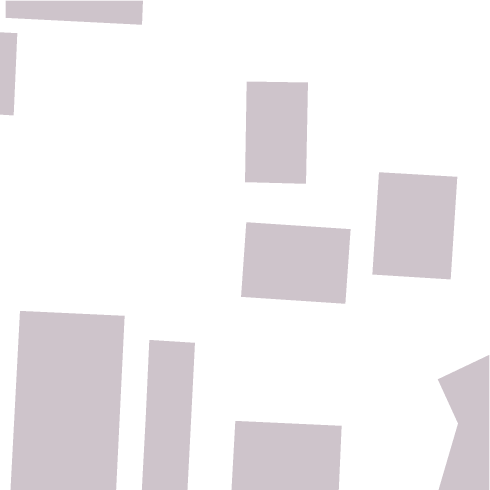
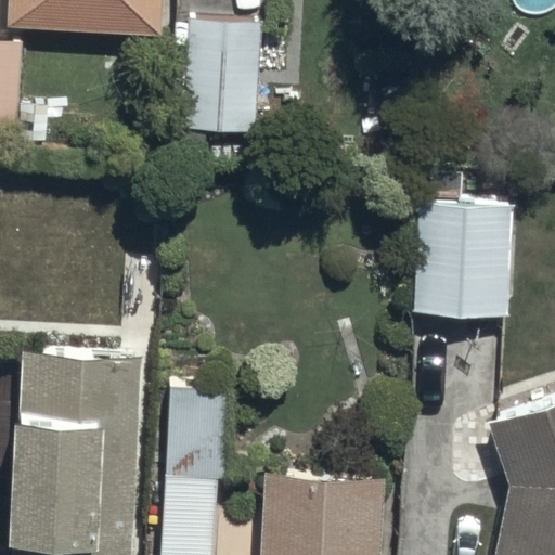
building: [244,81,309,184] -> [185,21,258,137]
building: [240,221,351,304] -> none

